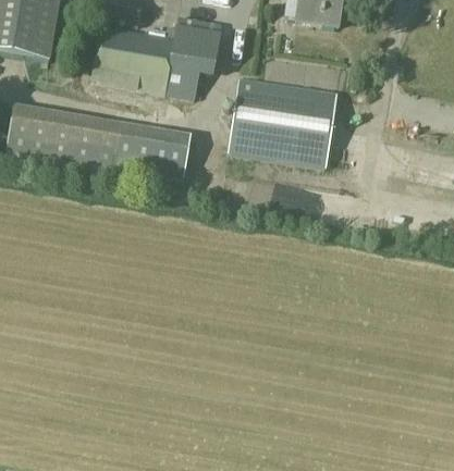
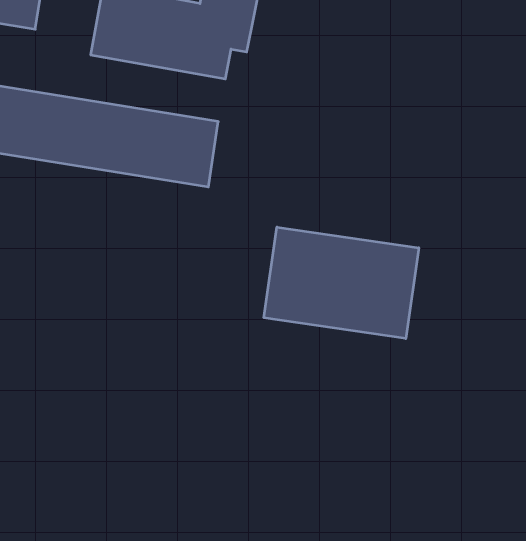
building: [230,79,338,166] -> none
building: none -> [264,227,419,339]

